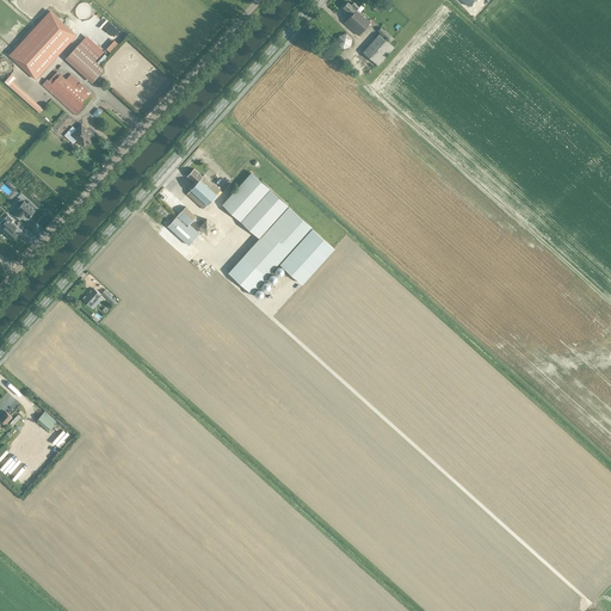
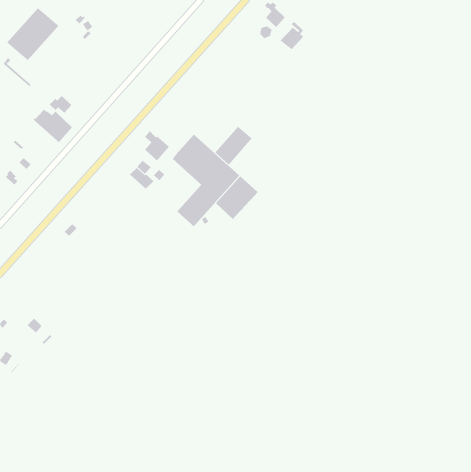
building: [63,45,103,84] -> none
building: [41,72,93,116] -> [32,109,73,143]
building: none -> [214,126,253,165]

